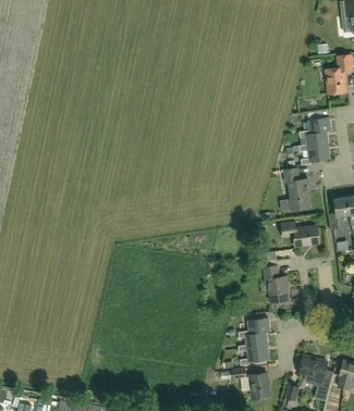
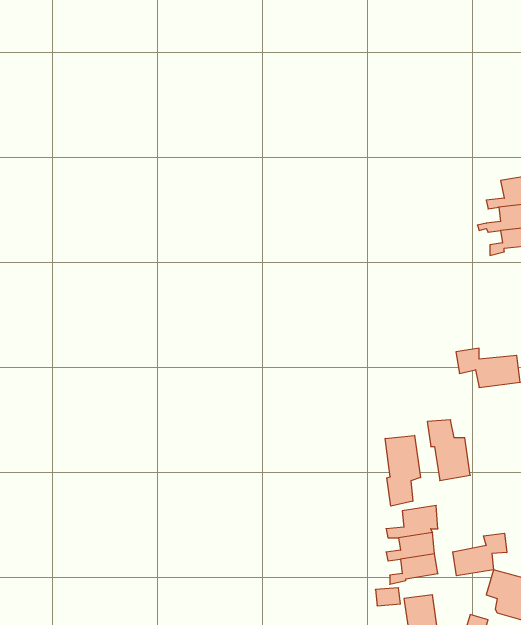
building: [283,167,309,209] -> none
building: none -> [385,435,421,506]
building: none -> [453,533,507,576]

